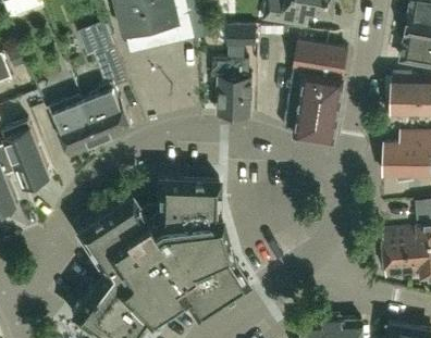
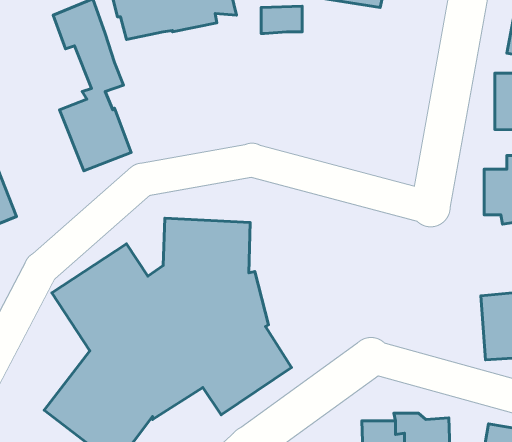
building: [283,42,347,138] -> none
building: [212,59,253,115] -> none
building: [50,96,99,155] -> none

